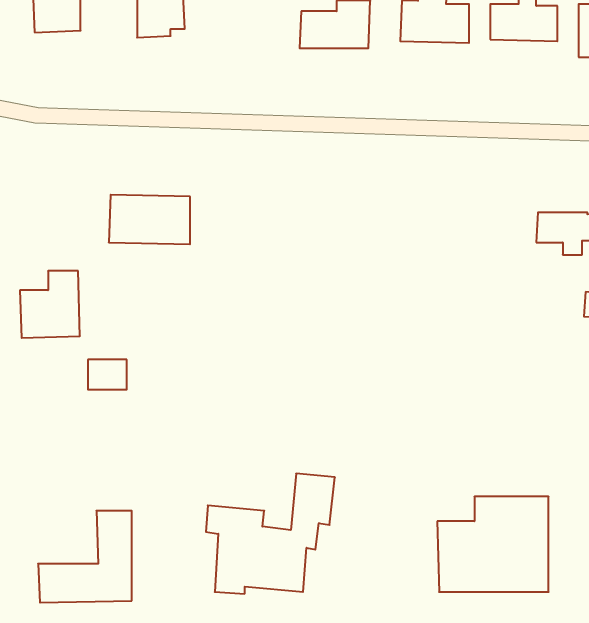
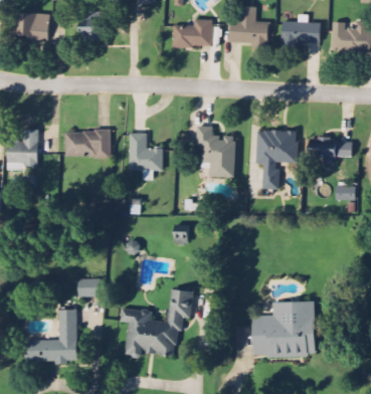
building: none -> [196,126,235,177]
building: none -> [255,130,298,189]
building: none -> [129,133,163,170]
building: [20,271,80,338] -> [7,129,41,167]
building: [88,360,127,390] -> [77,278,100,296]

